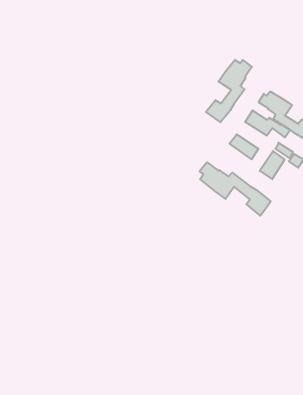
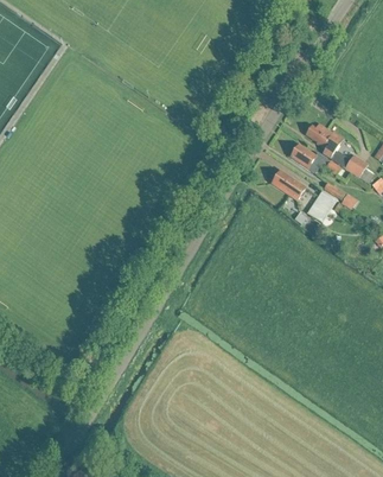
building: [206,60,252,122] -> none
building: [200,162,271,216] -> none

